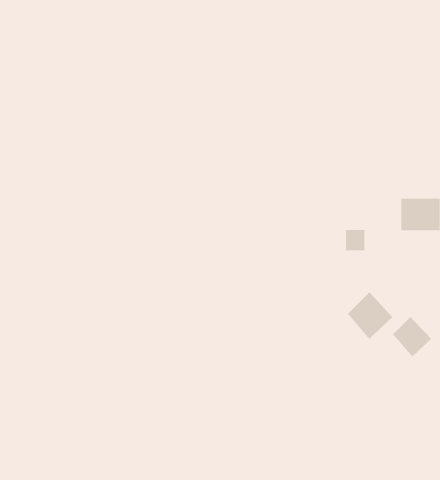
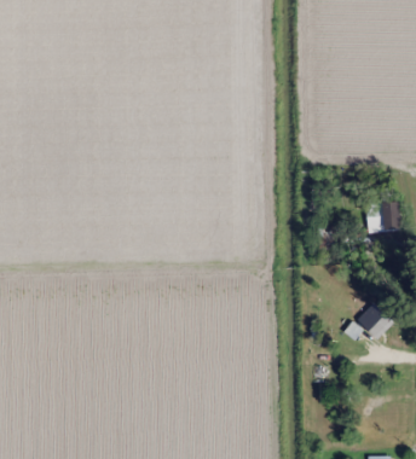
building: [347,292,393,339] -> none

